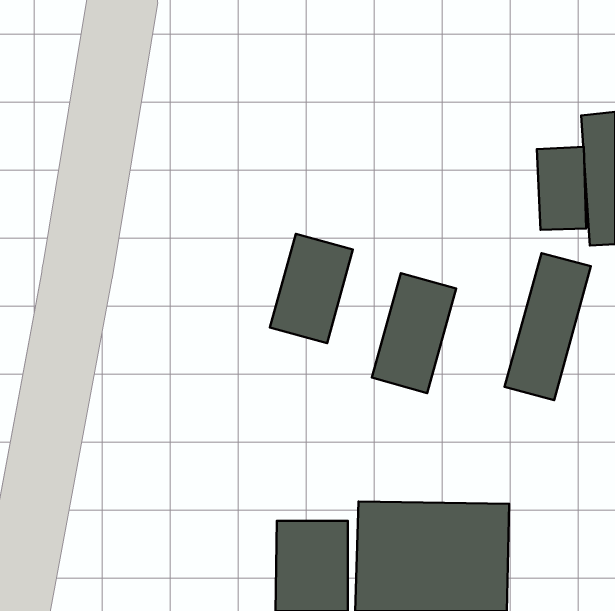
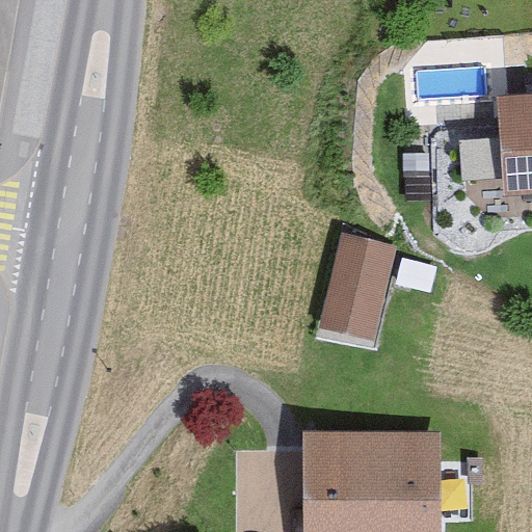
building: [270,234,353,343] -> none
building: [505,253,591,400] -> none

